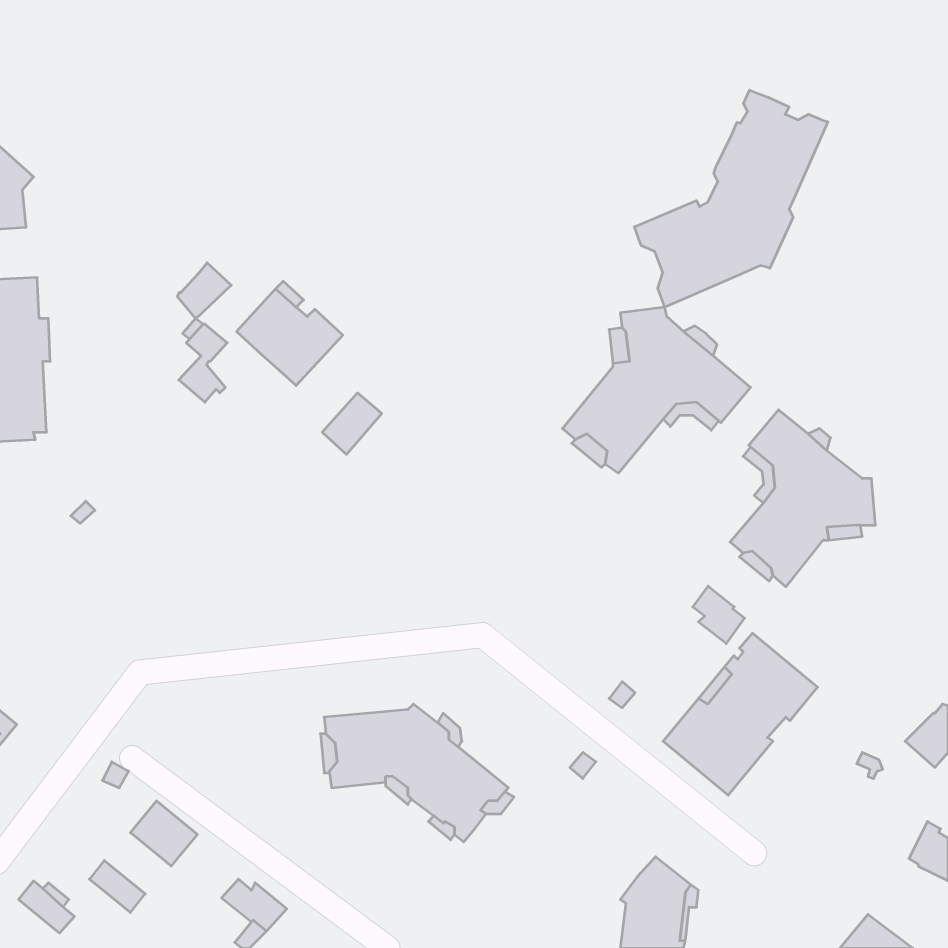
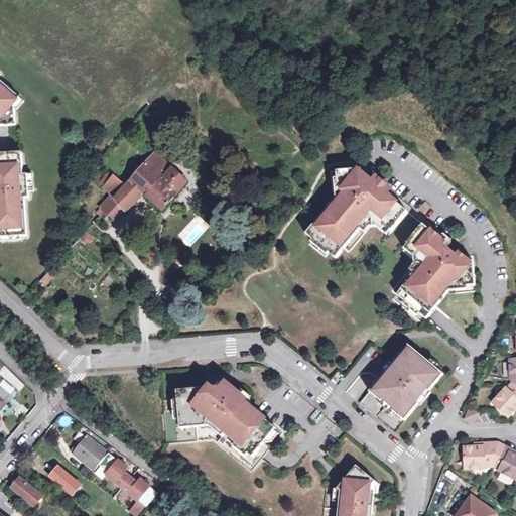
building: [634,90,828,307] -> none
building: [177,263,231,319] -> [112,179,141,210]
building: [693,586,745,644] -> none
building: none -> [462,441,502,467]
building: none -> [98,450,129,486]

